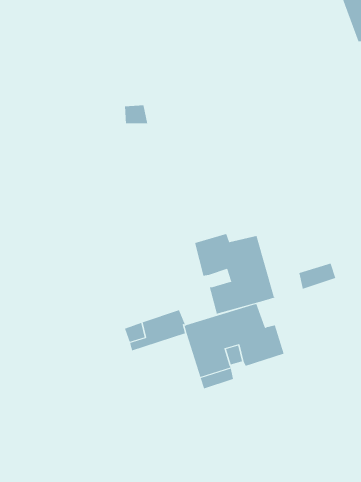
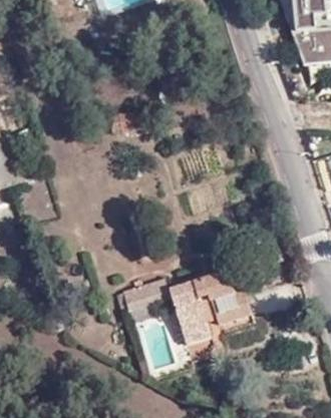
building: [194,233,275,314] -> none

